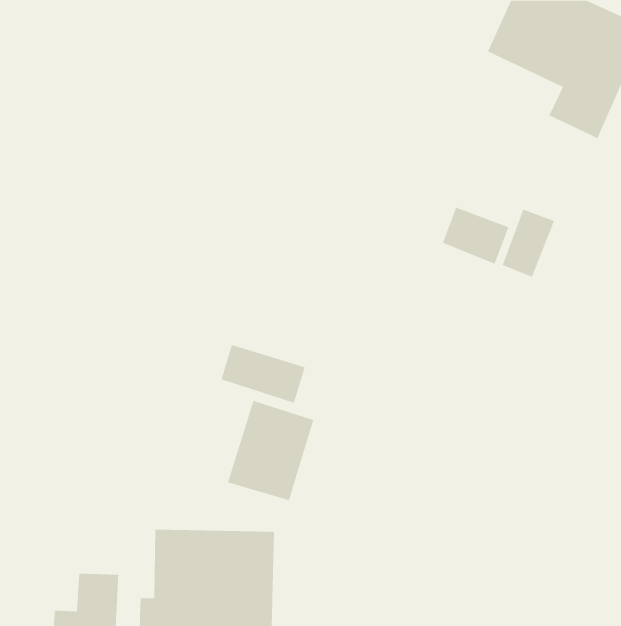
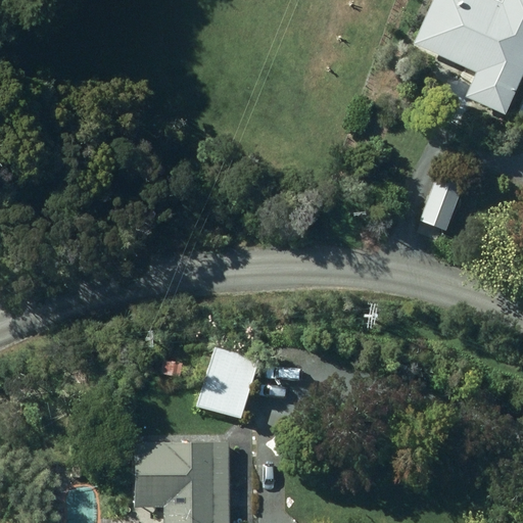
building: [442,207,509,264] -> none
building: [221,344,306,404] -> none

